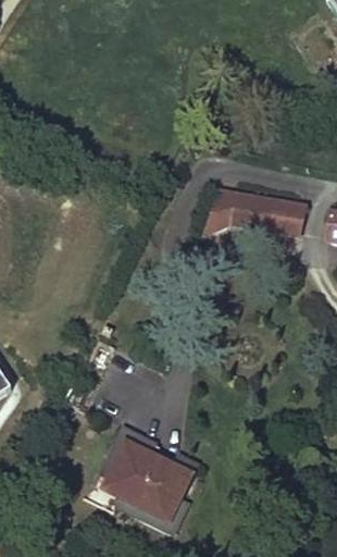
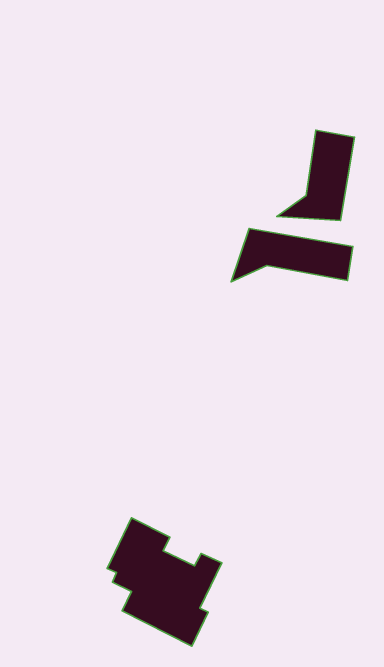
building: none -> [277,130,355,221]

